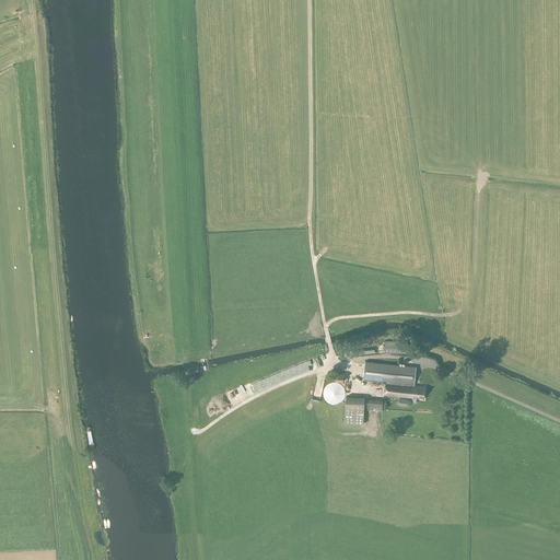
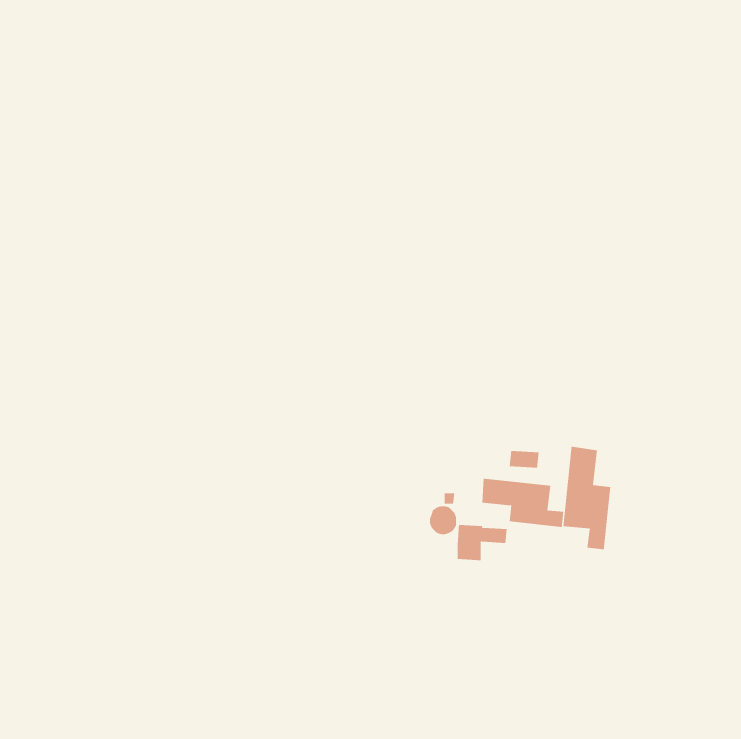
building: none -> [563,446,611,550]

